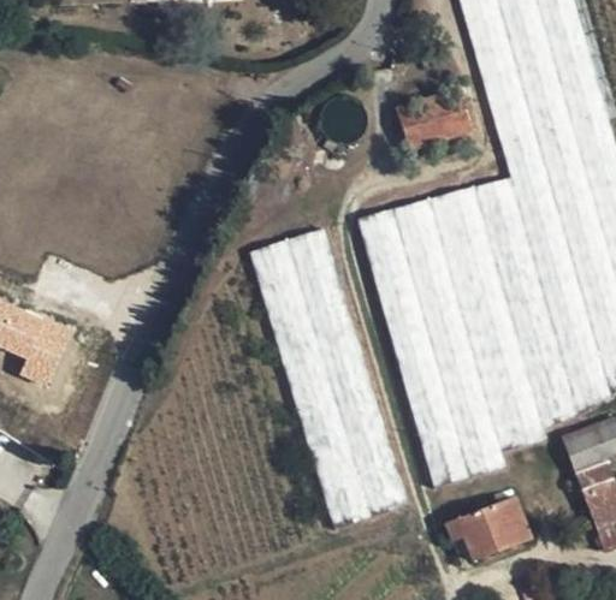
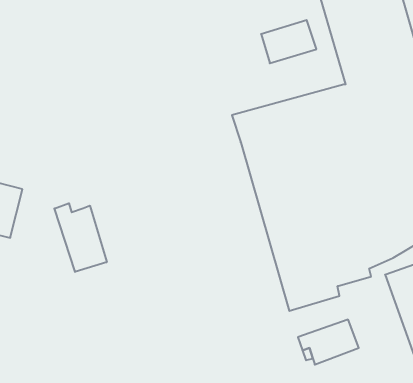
building: [249,228,408,527] -> none
building: none -> [54,203,107,272]

